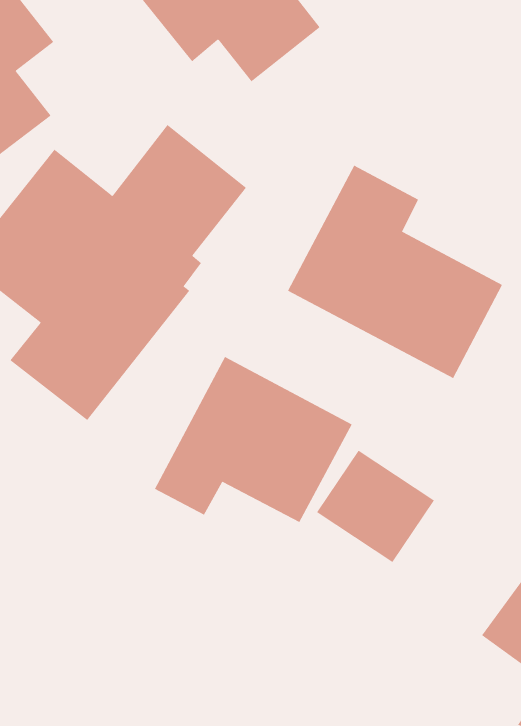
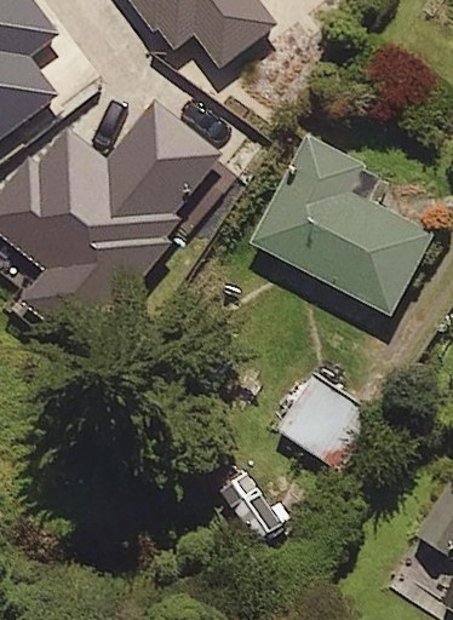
building: [154,356,352,523] -> none

